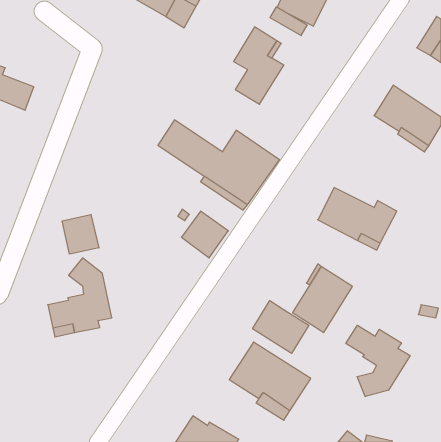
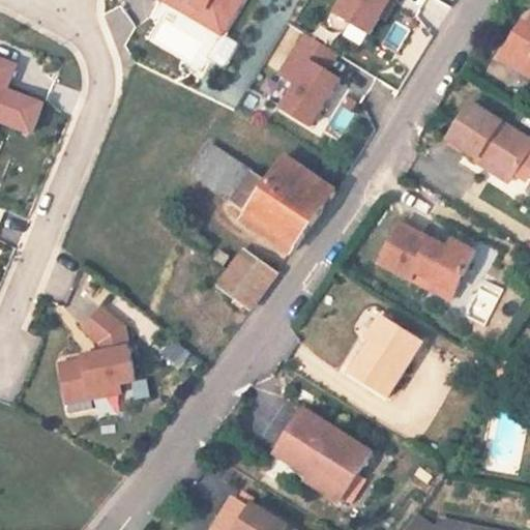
building: [62,214,99,254] -> none
building: [253,301,309,353] -> none
building: [346,325,410,397] -> none

